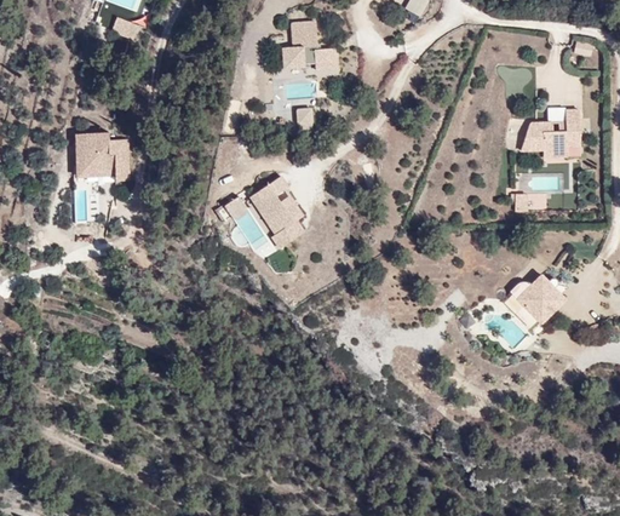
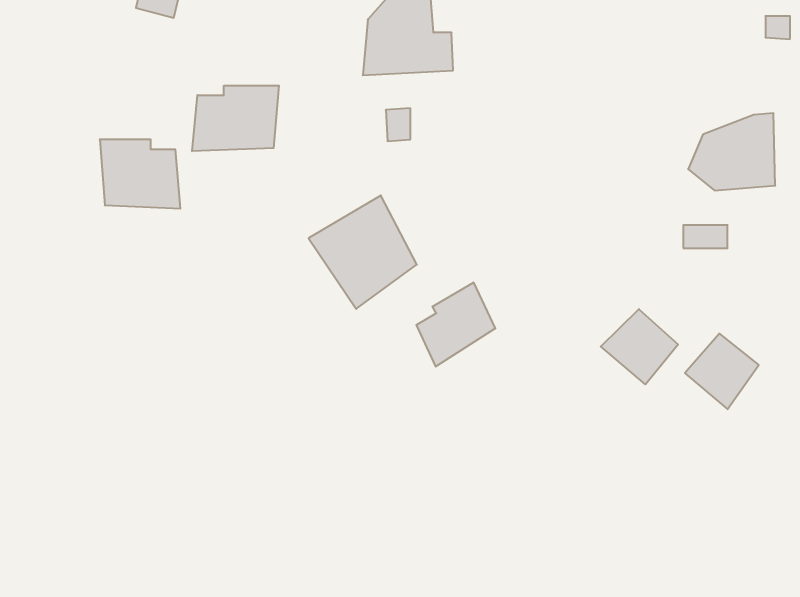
building: none -> [192,86,279,151]
building: none -> [416,282,495,367]
building: none -> [601,309,678,384]

